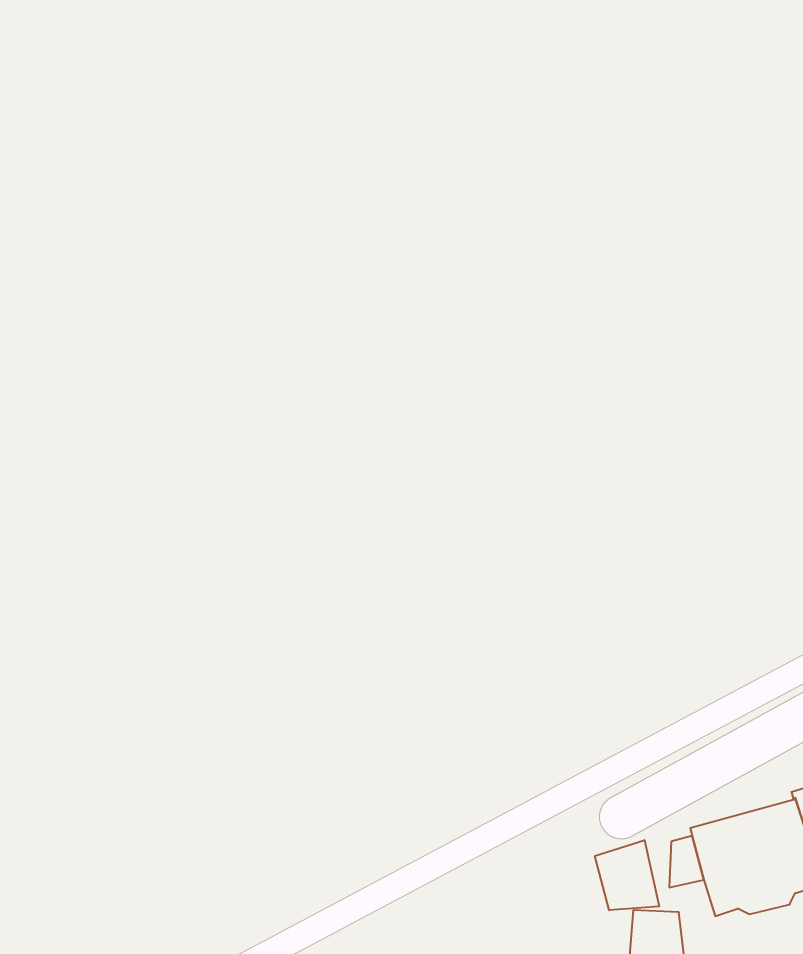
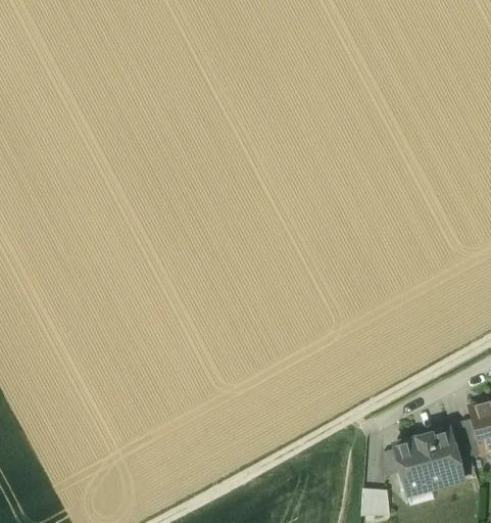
building: [595,840,659,910] -> none

